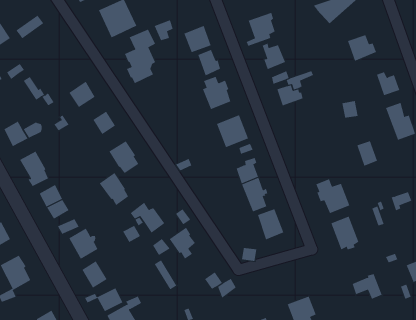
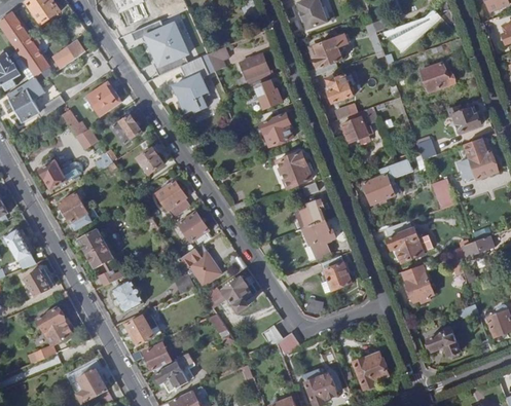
building: none -> [85,81,121,117]
building: none -> [364,158,413,204]
building: [99,172,129,206] -> [179,211,212,248]

